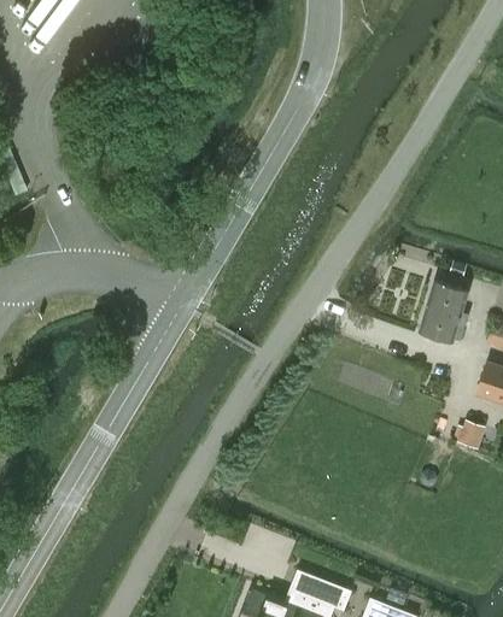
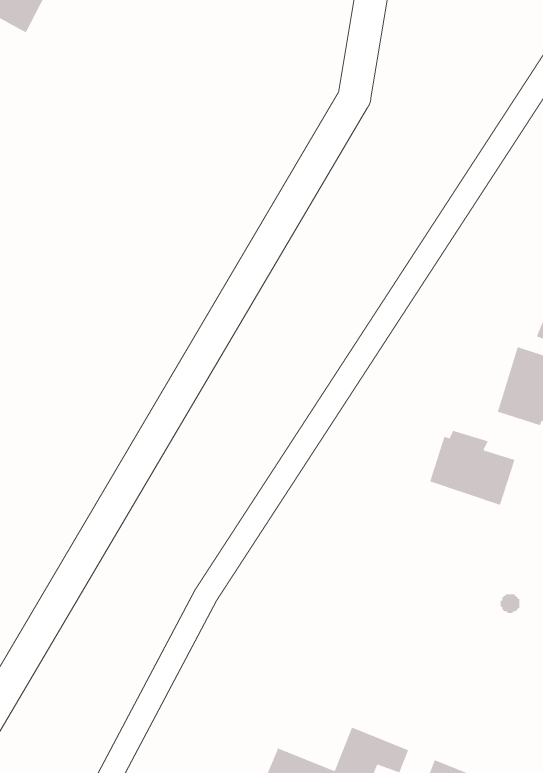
building: none -> [429,430,516,506]

